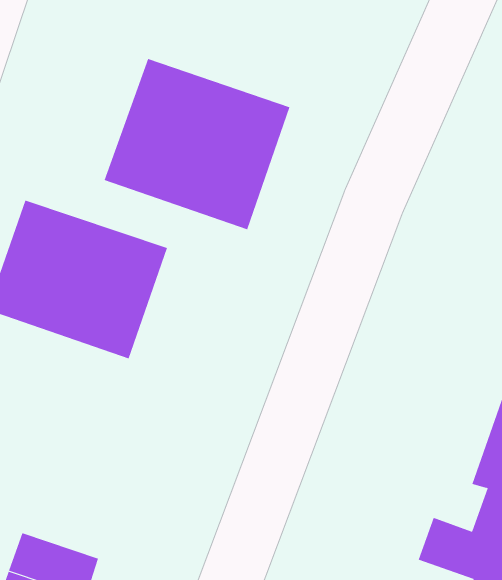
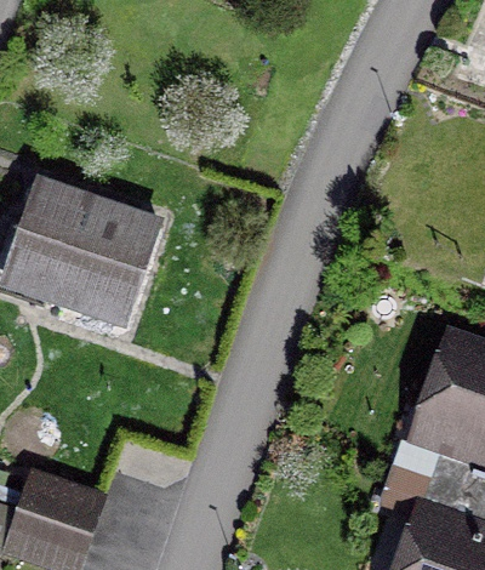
building: [104,58,290,230] -> none

